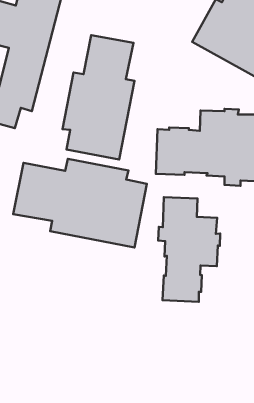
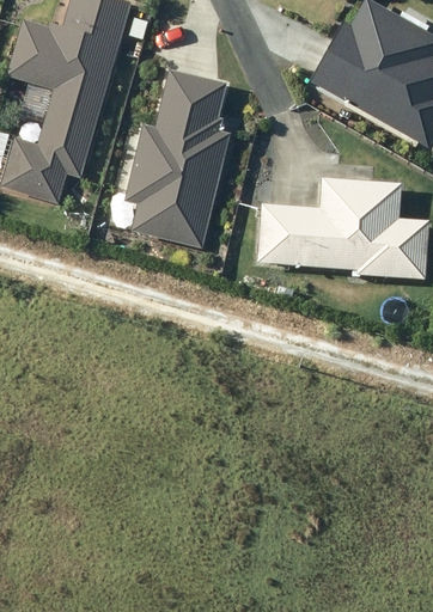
building: [13,159,147,247] -> none
building: [158,197,220,302] -> none

